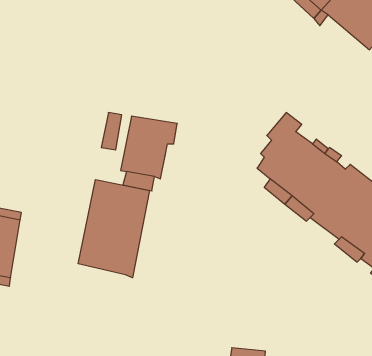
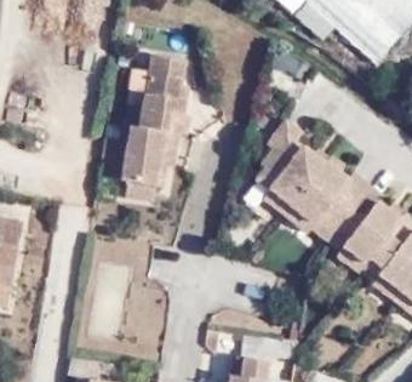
building: none -> [127,56,189,133]
building: [78,180,150,278] -> none

